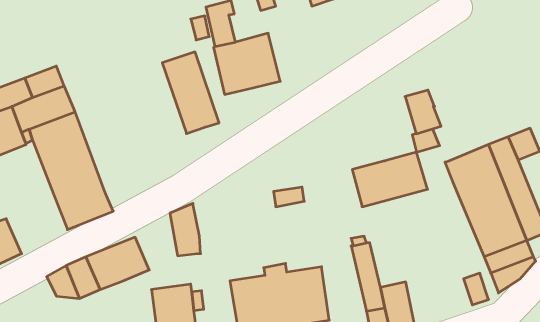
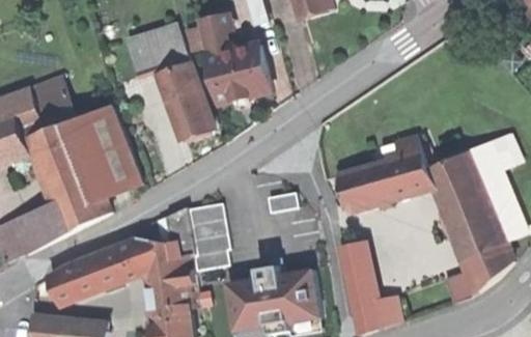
building: none -> [128,31,189,77]
building: [405,90,441,134] -> [399,152,434,194]
building: none -> [75,106,141,198]
building: none -> [9,200,67,255]
building: none -> [187,202,225,269]
building: none -> [130,217,172,271]

